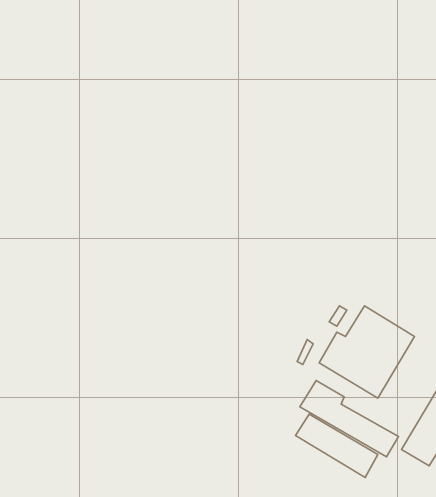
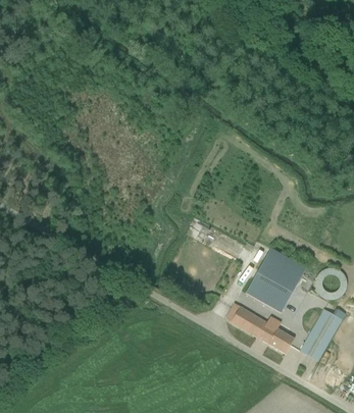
building: [296,414,378,477] -> none

